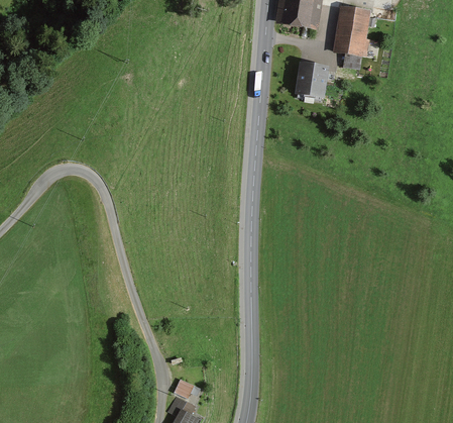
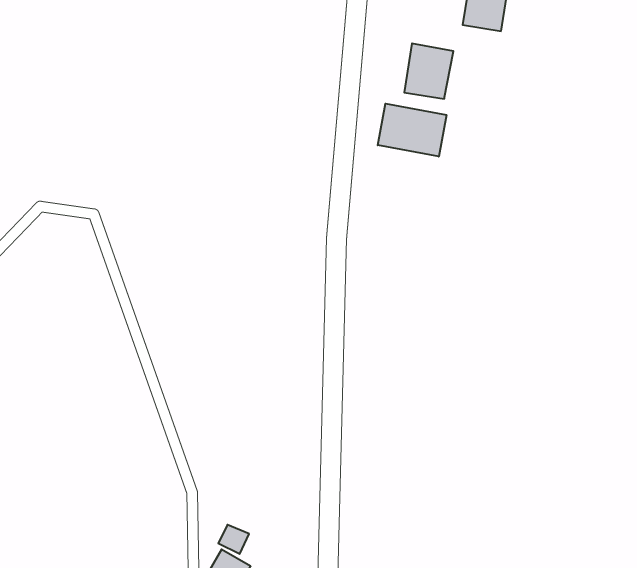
building: none -> [378,104,446,157]

